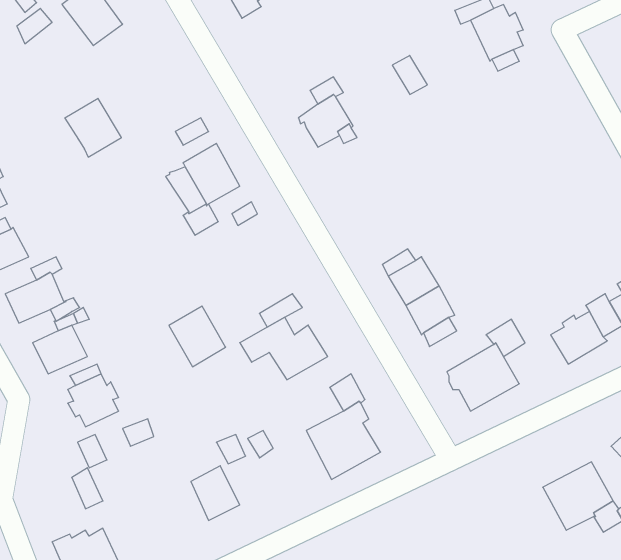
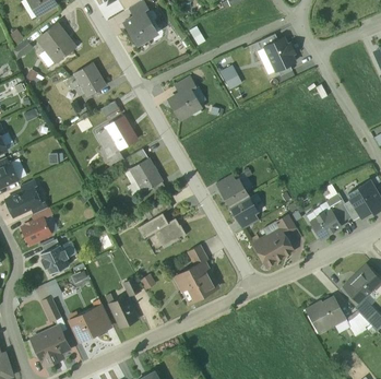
building: [65,98,121,157] -> [73,63,105,96]
building: [169,306,226,367] -> [130,158,162,192]
building: none -> [70,306,111,341]

